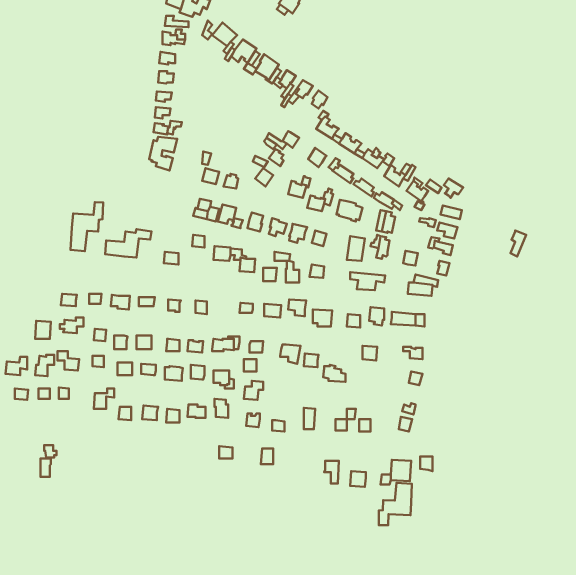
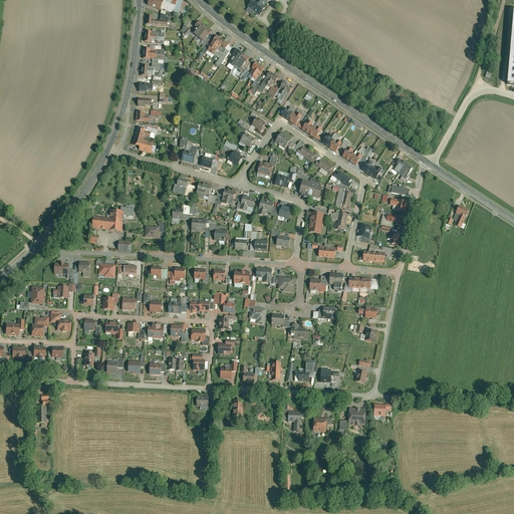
building: [70,202,103,251] -> none
building: [379,483,412,525] -> none

